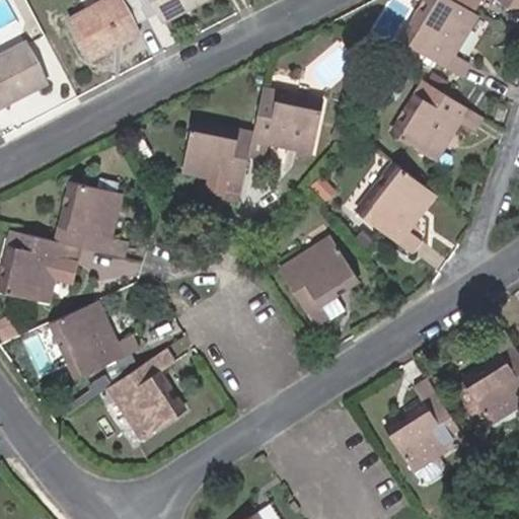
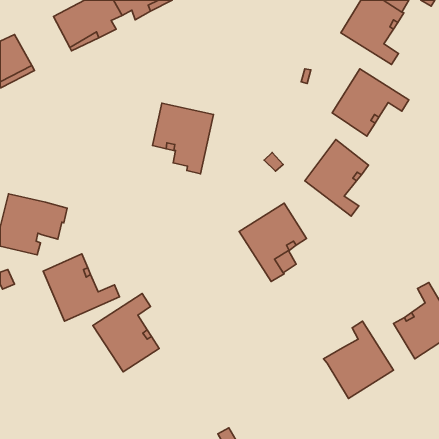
building: [247,91,323,164] -> none
building: [55,178,129,257] -> none

